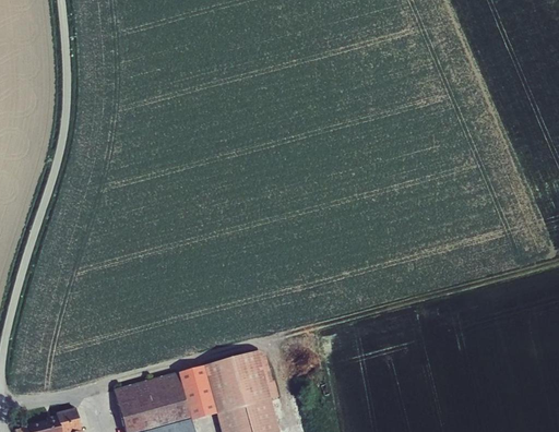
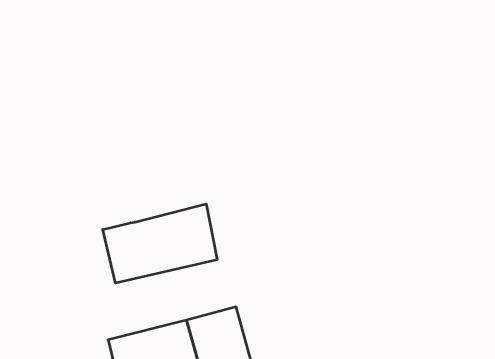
building: none -> [103,204,217,283]

